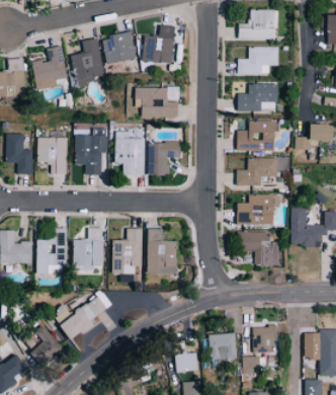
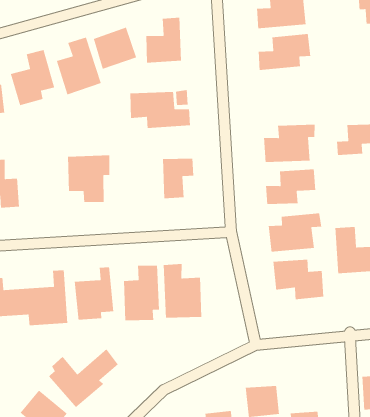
building: [236,83,277,111] -> none
building: [36,137,68,174] -> none
building: [114,139,144,175] -> none
building: [253,326,273,353] -> none

